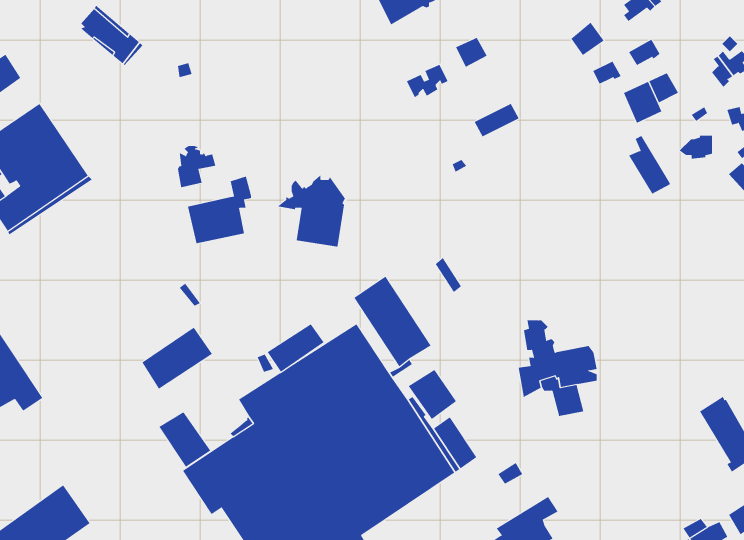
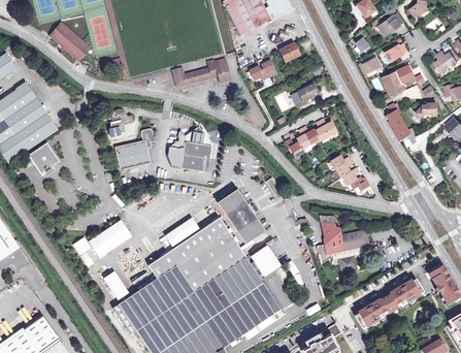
building: none -> [172,59,230,87]
building: none -> [285,119,336,157]
building: none -> [29,142,59,174]
building: none -> [330,155,366,190]
building: none -> [355,279,424,329]

